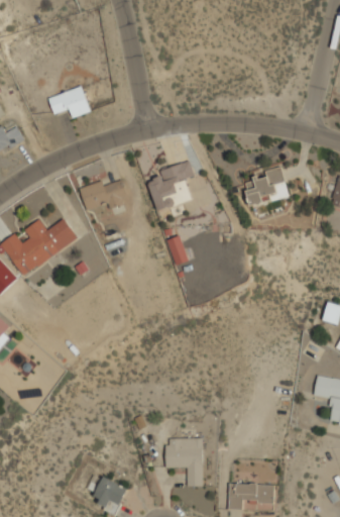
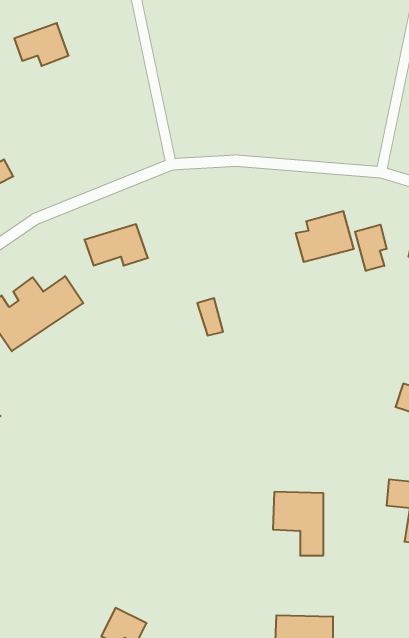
building: [48,86,91,119] -> [14,23,69,66]
building: [148,162,195,211] -> none
building: none -> [355,225,387,271]
building: [164,437,204,487] -> [273,492,323,555]

